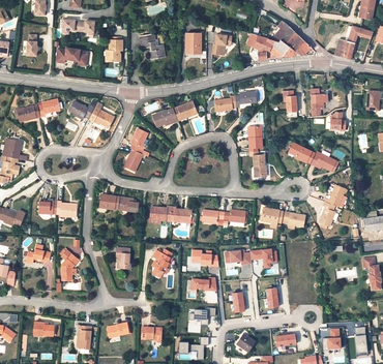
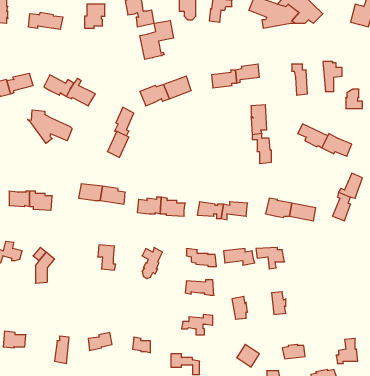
building: none -> [140,20,173,59]
building: none -> [28,110,72,143]

